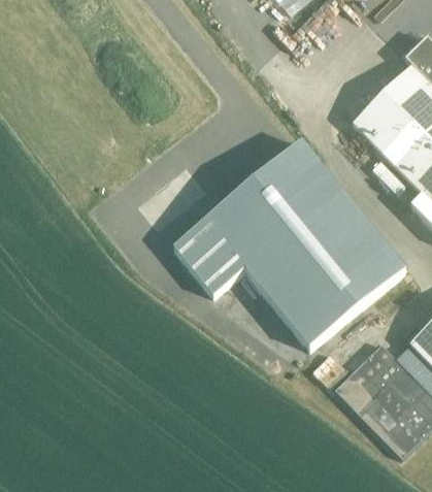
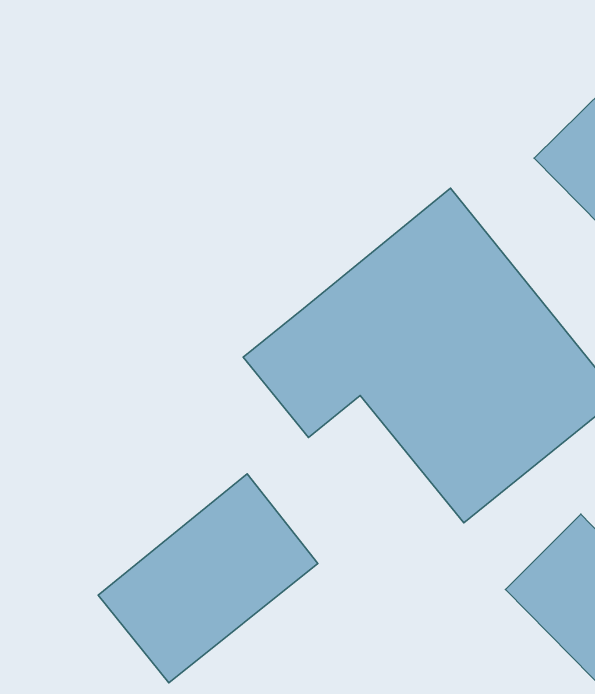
building: none -> [98,474,318,683]

